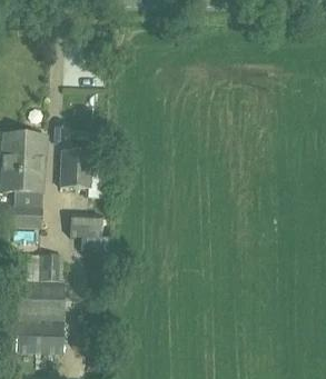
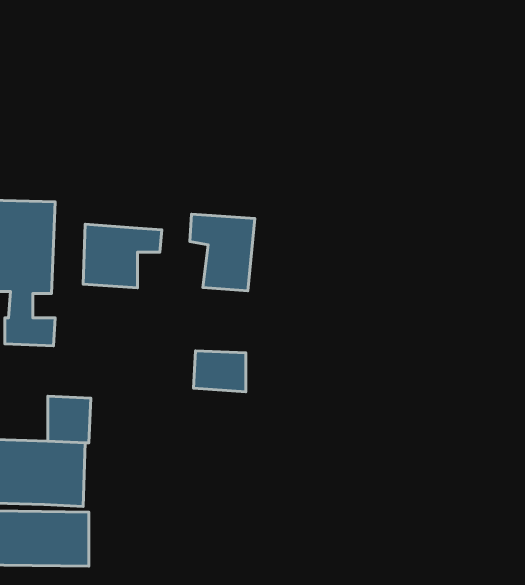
building: none -> [190,214,255,291]
building: [70,213,101,238] -> [194,351,246,392]

